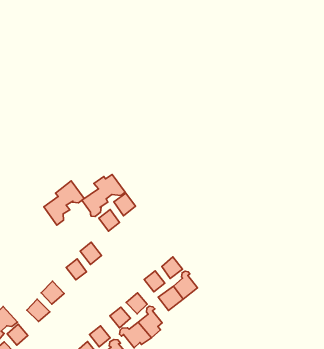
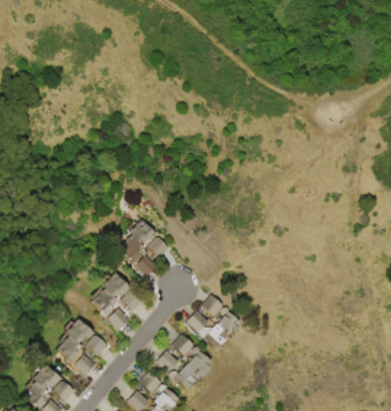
building: [44,181,84,225] -> [86,272,126,319]
building: none -> [53,320,90,365]

